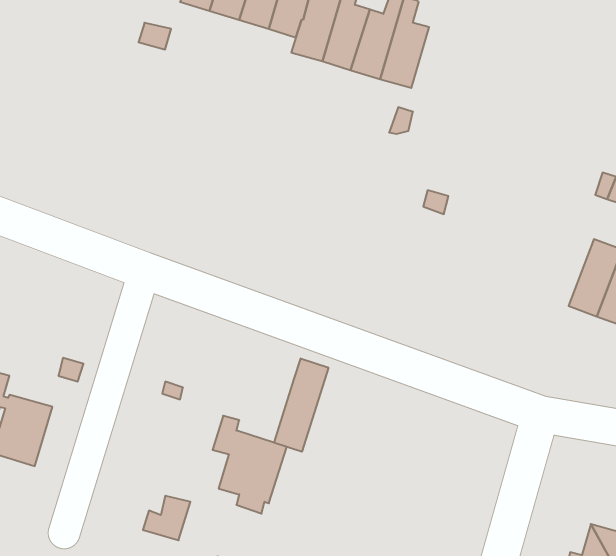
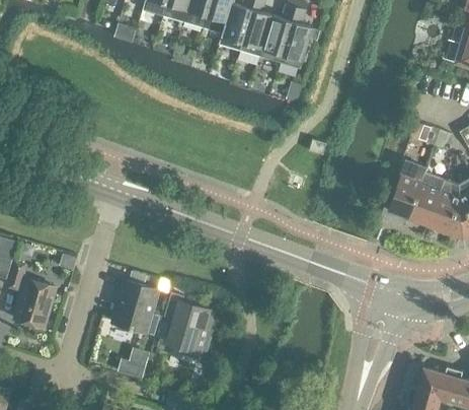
building: none -> [388,162,426,218]
building: [274,358,328,452] -> none
building: none -> [113,281,160,336]

